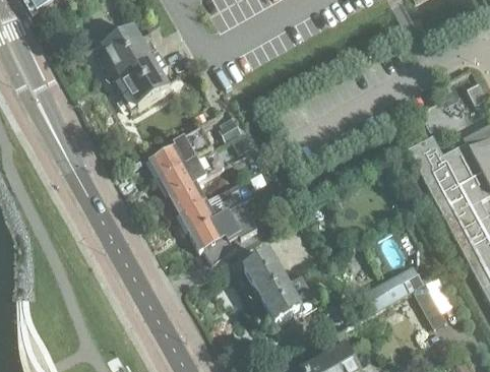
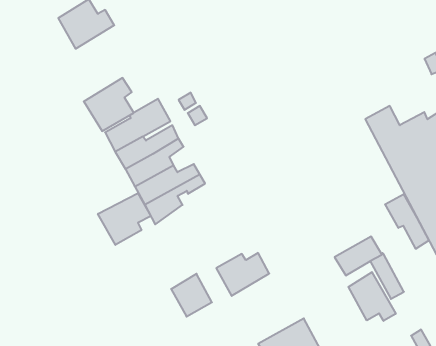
building: [119,52,169,105] -> [84,78,134,131]
building: none -> [98,193,151,245]
building: none -> [385,194,429,249]
building: [244,251,285,294] -> [171,274,212,317]
building: none -> [348,272,396,321]

